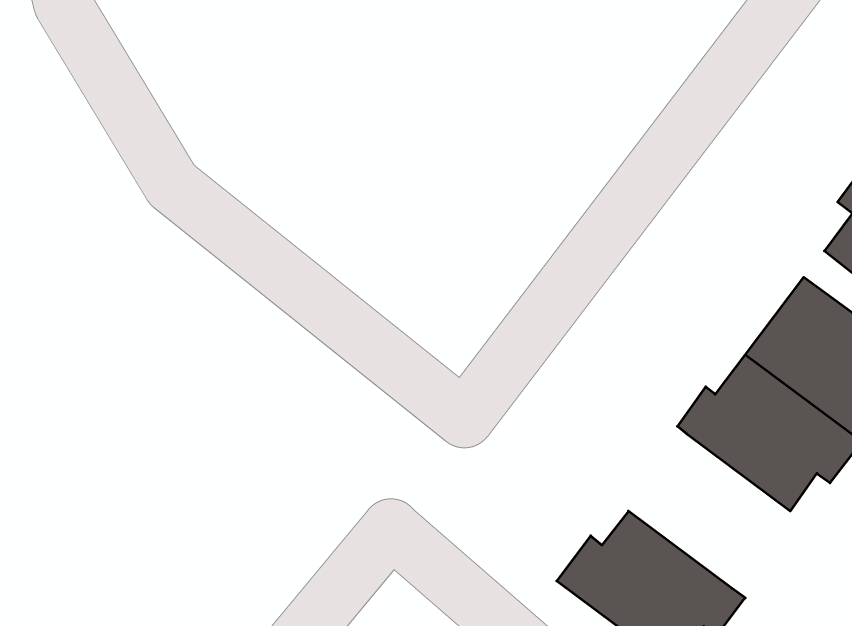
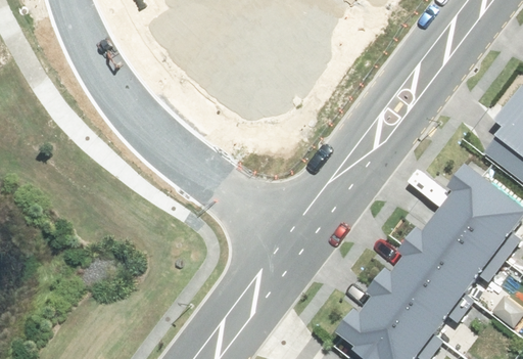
building: none -> [370,253,472,336]

